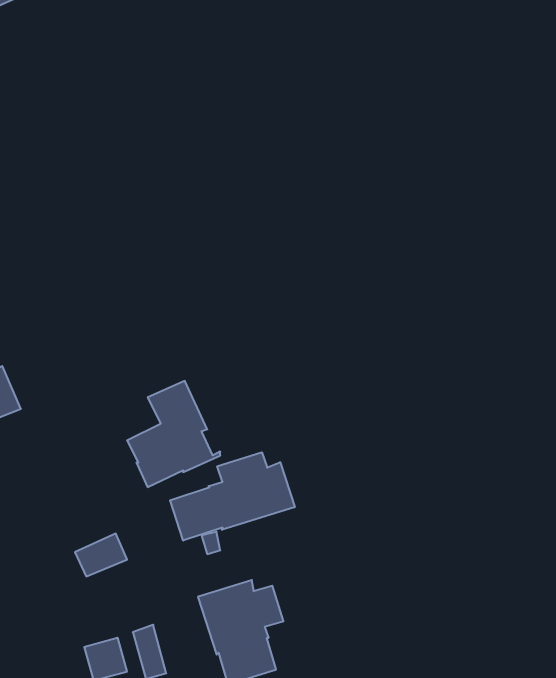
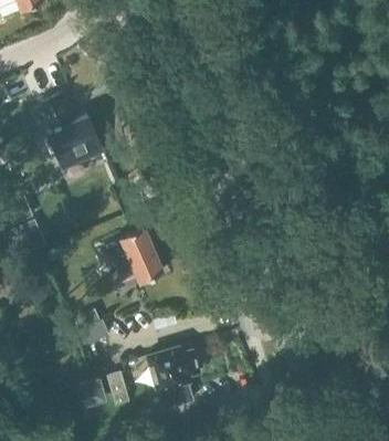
building: none -> [40,95,103,170]
building: [170,452,295,541] -> none

